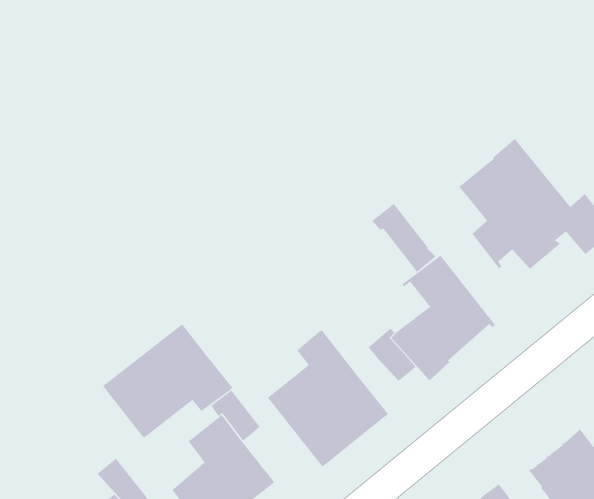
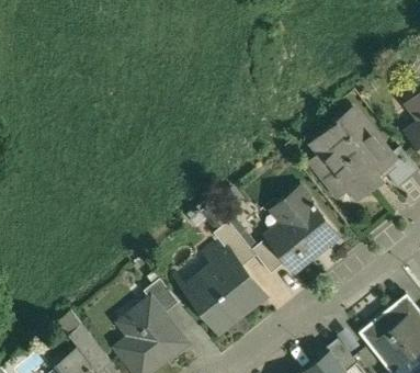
building: [371,203,436,273] -> [212,221,256,268]
building: [102,323,233,452] -> none

